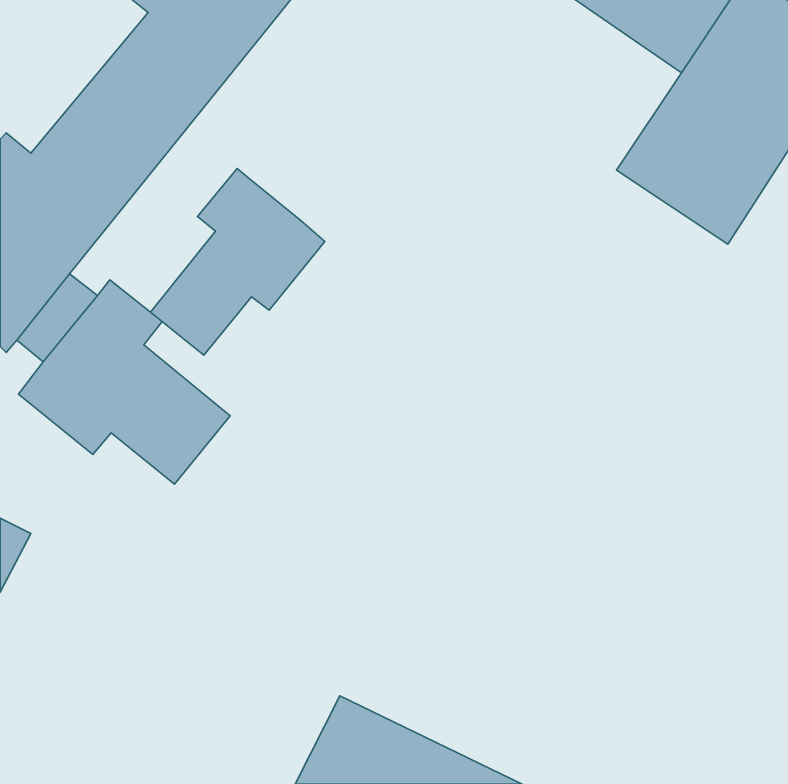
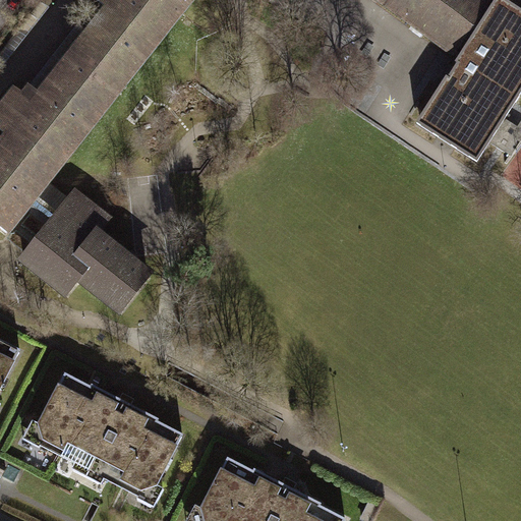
building: [150,169,325,355] -> none
building: none -> [28,372,185,503]

